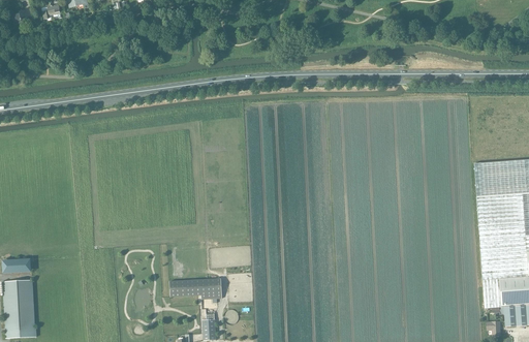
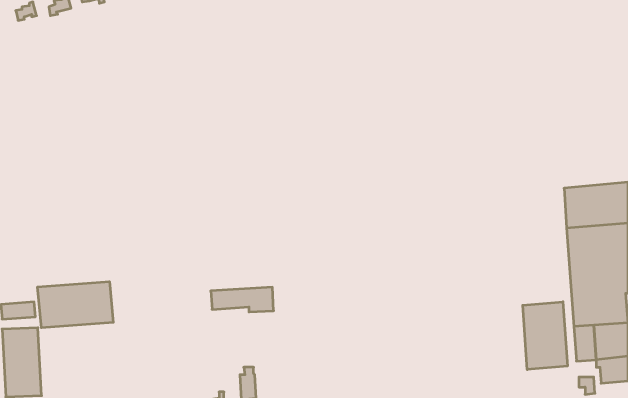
building: none -> [38,282,113,328]
building: none -> [523,302,567,370]
building: [169,278,222,299] -> [211,287,274,312]

